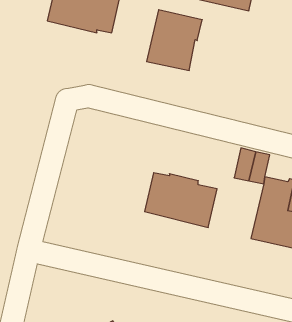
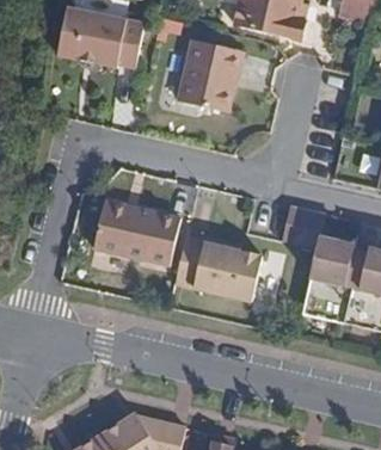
building: none -> [93,196,180,263]

